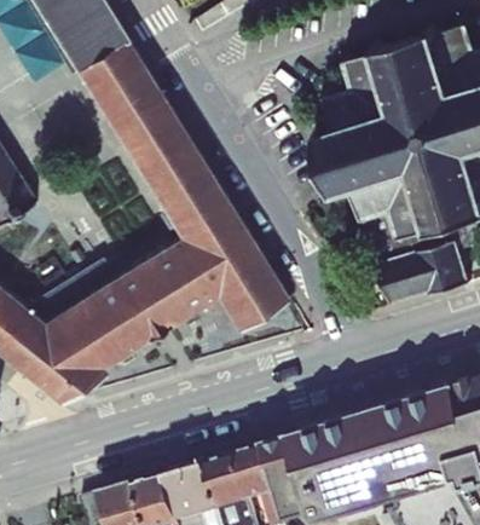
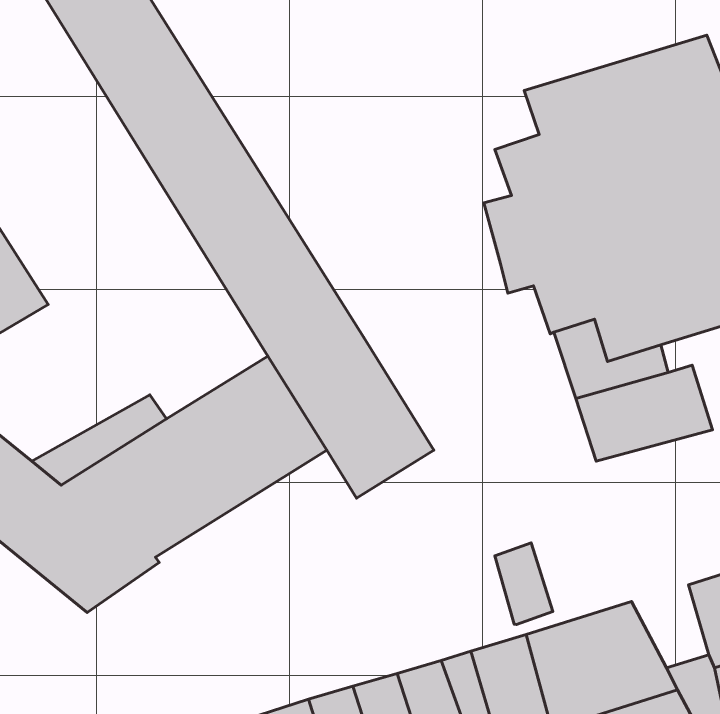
building: none -> [495,543,553,625]
building: [418,386,469,440] -> none

